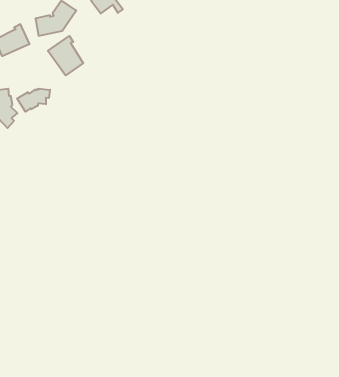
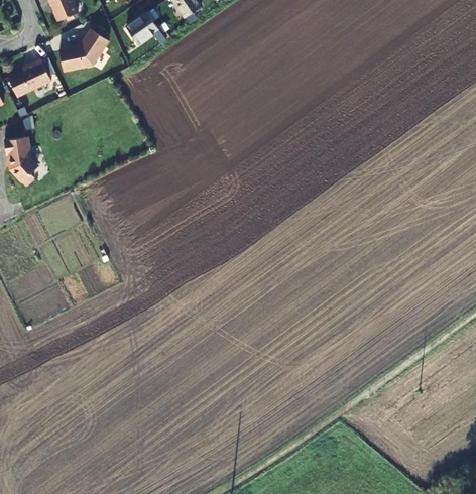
building: [48,36,83,75] -> none
building: [17,89,50,112] -> none

